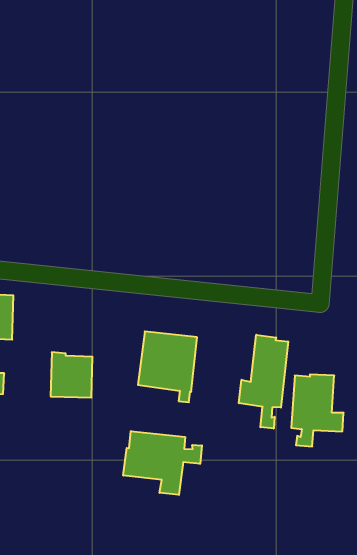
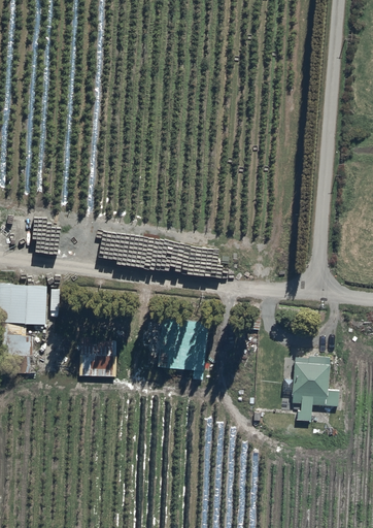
building: [239,335,288,429] -> none
building: [123,431,202,495] -> none

